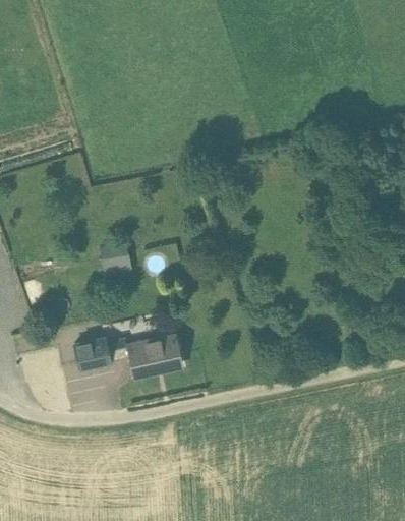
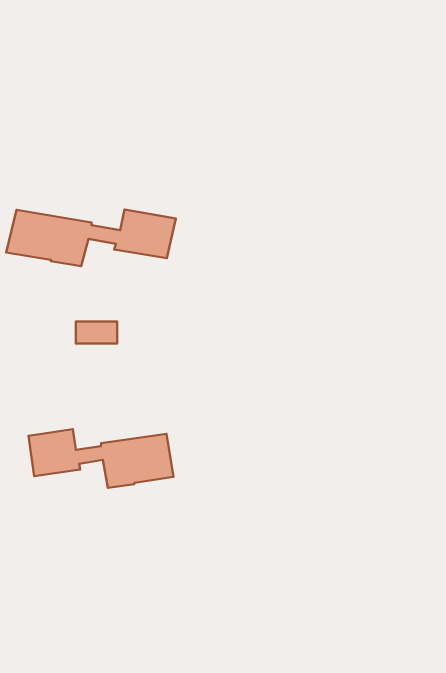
building: none -> [6,210,176,266]

